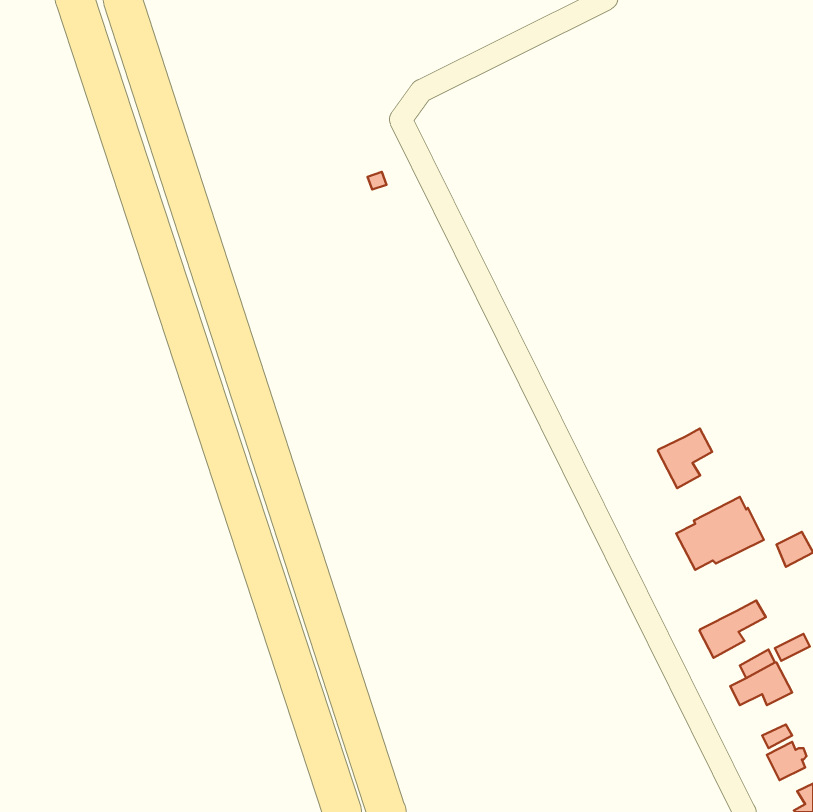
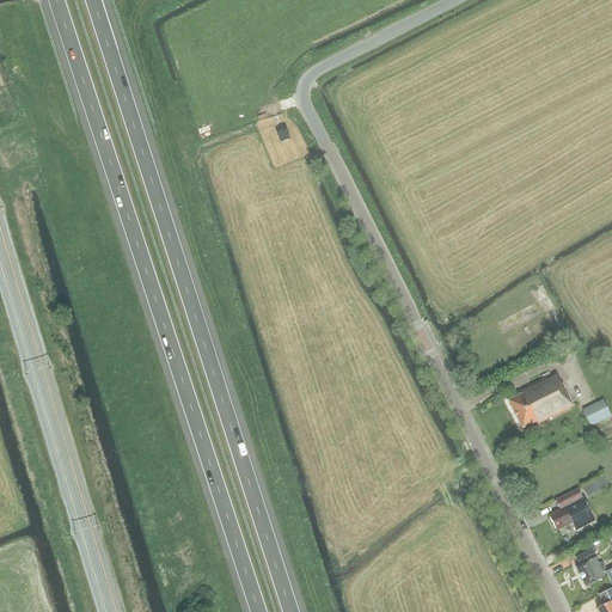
building: [658,429,712,488] -> none
building: [699,600,766,658] -> none

